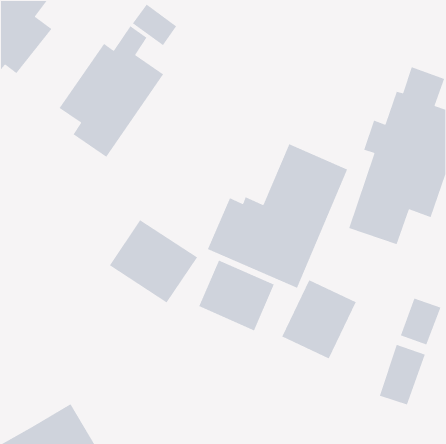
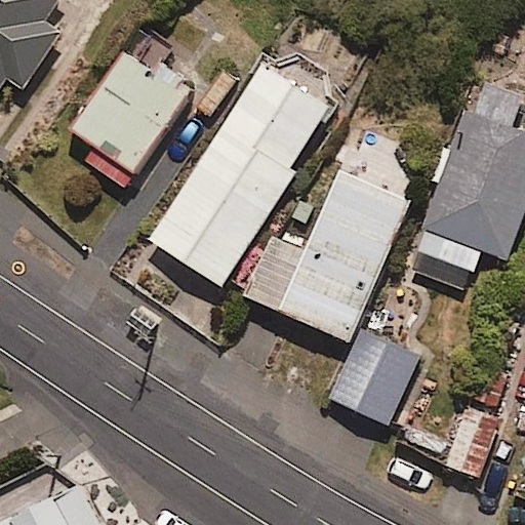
building: none -> [150,66,328,286]
building: [109,219,198,304] -> none
building: [198,259,275,331] -> none

